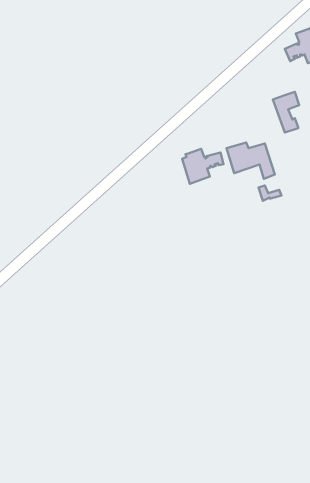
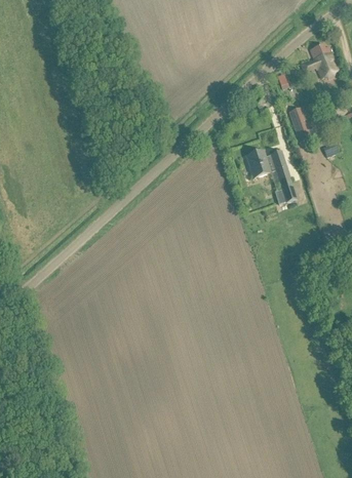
building: [182,149,224,184] -> none

